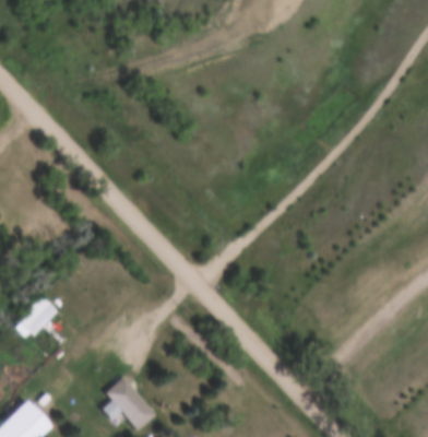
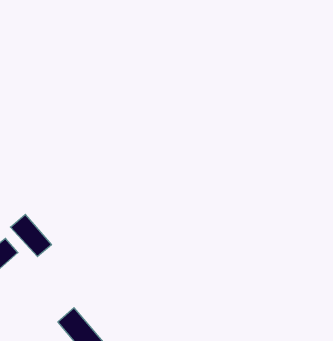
building: none -> [10,214,51,257]

